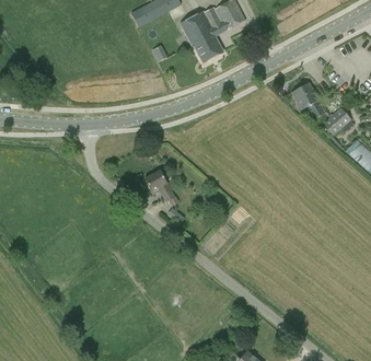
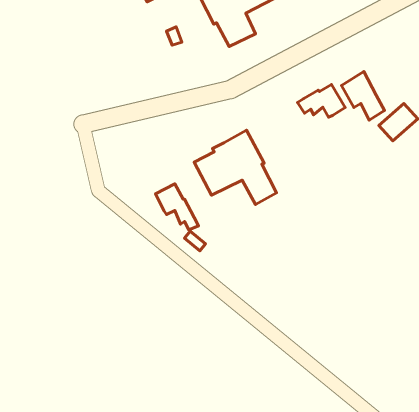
building: none -> [297,85,345,117]
building: none -> [194,130,276,204]

